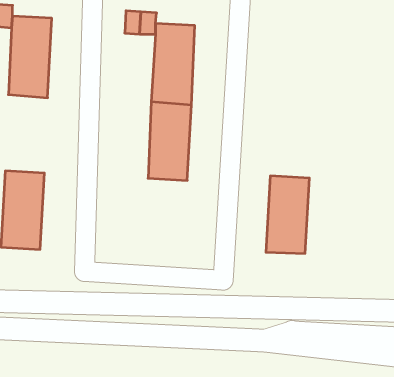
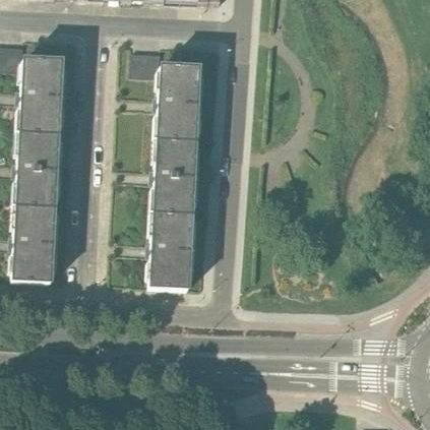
building: none -> [17,131,58,206]
building: [266,176,309,253] -> [150,211,192,286]

